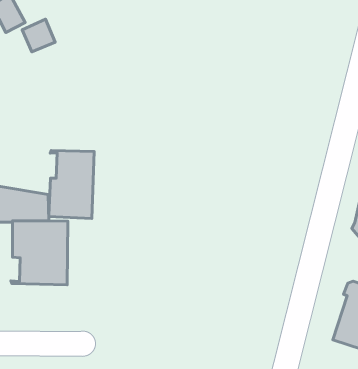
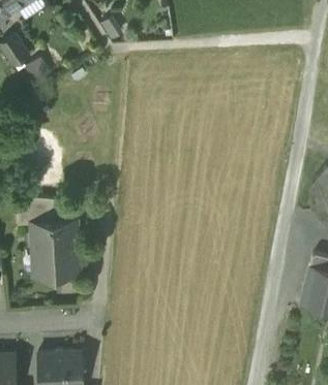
building: [49,151,94,219] -> none

